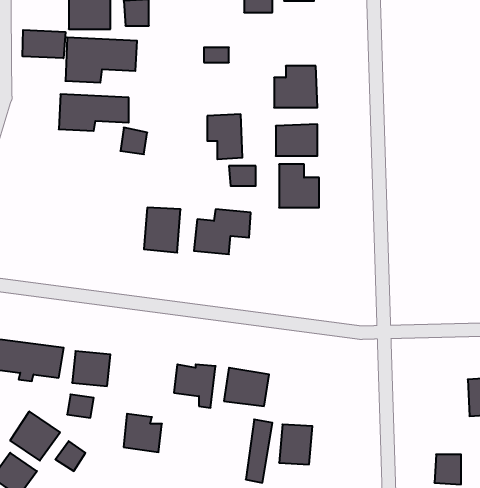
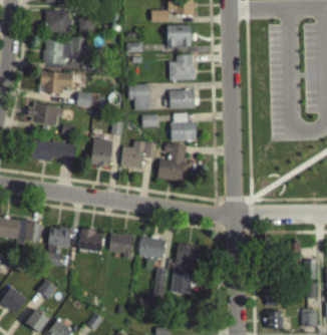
building: none -> [167,24,194,46]
building: [23,30,65,58] -> none
building: none -> [28,104,60,125]
building: none -> [29,139,76,160]
building: none -> [157,142,186,181]
building: none -> [176,243,203,265]
building: [10,411,60,461] -> none
building: [124,414,162,452] -> [78,229,101,252]

